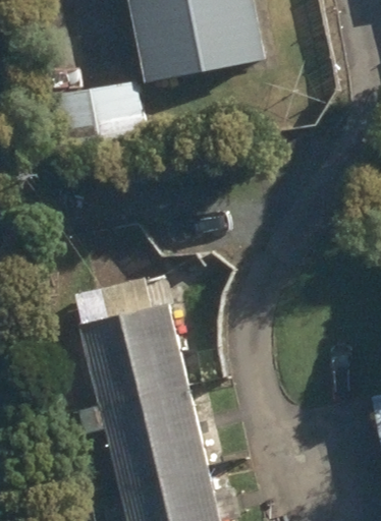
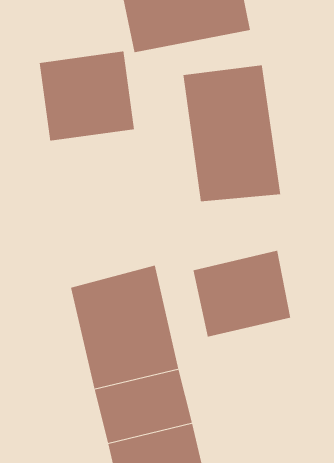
building: none -> [183,65,281,202]
building: none -> [193,250,291,337]

